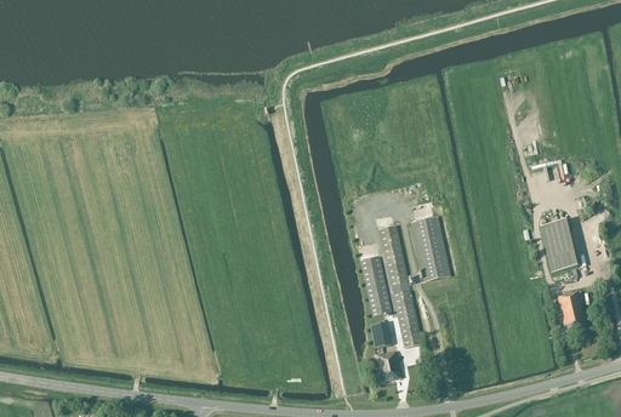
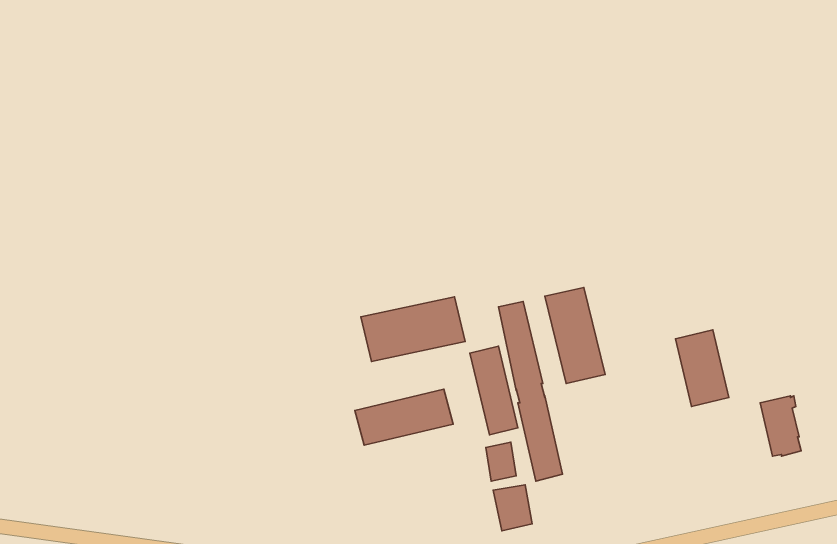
building: [540,218,576,270] -> [675,330,729,406]
building: none -> [361,297,465,362]
building: none -> [355,389,453,445]

